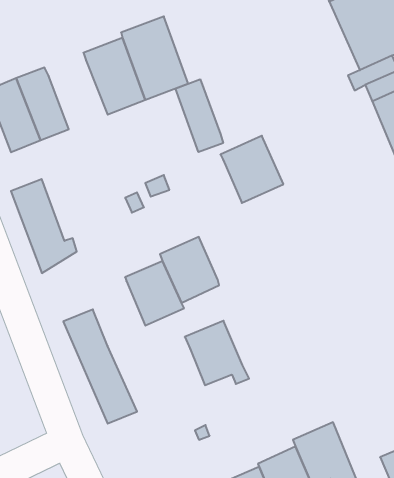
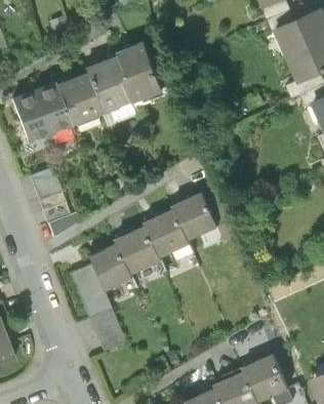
building: none -> [56,77,102,129]
building: [176,79,223,152] -> none
building: [220,136,283,203] -> [169,193,217,244]
building: [185,321,249,385] -> [86,245,135,294]

